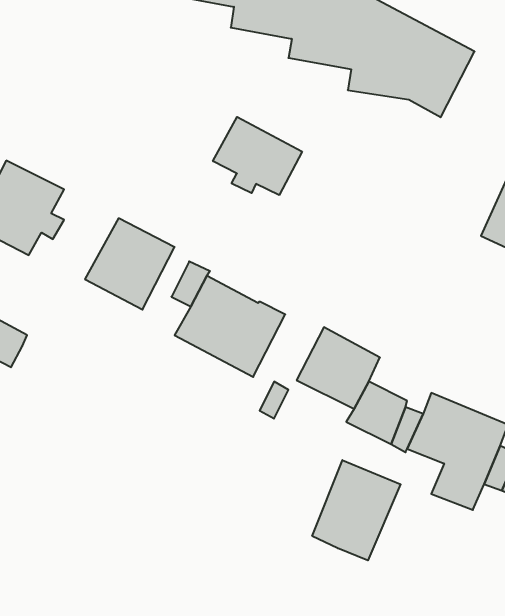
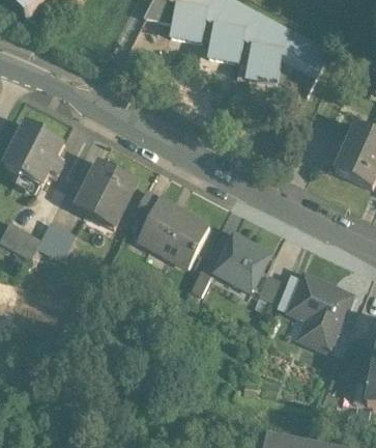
building: [213,117,302,195] -> none
building: none -> [35,221,71,257]
building: [312,460,401,560] -> none

